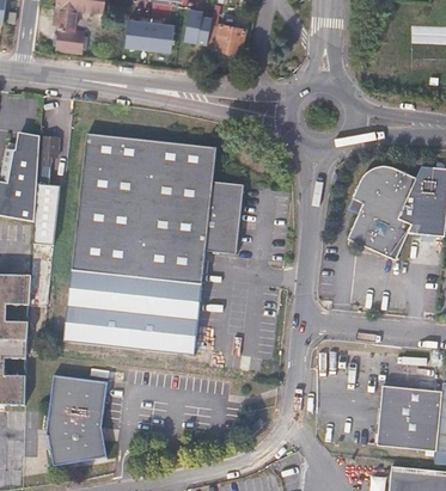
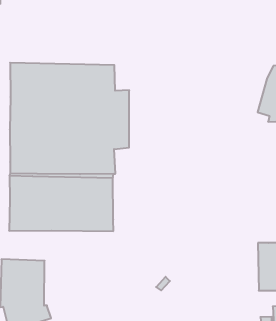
building: [341,173,408,264] -> none

